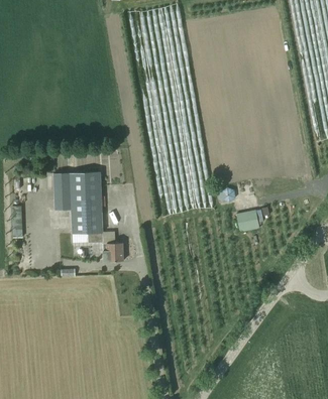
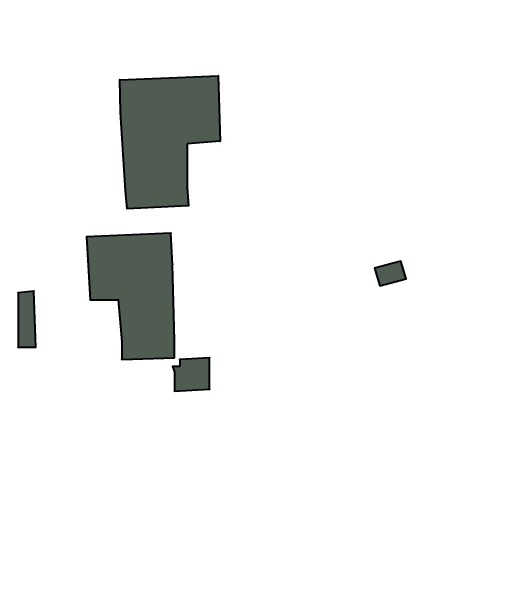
building: none -> [120,76,220,209]
building: [237,210,260,233] -> none

